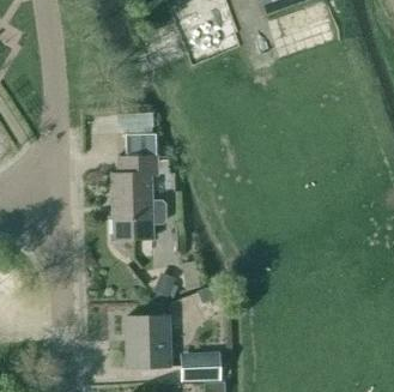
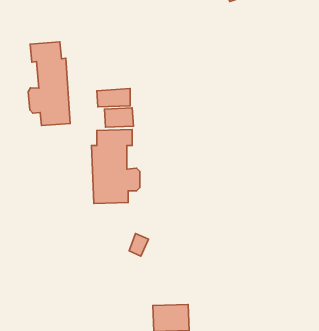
building: none -> [28,42,70,126]
building: [125,315,170,367] -> none

